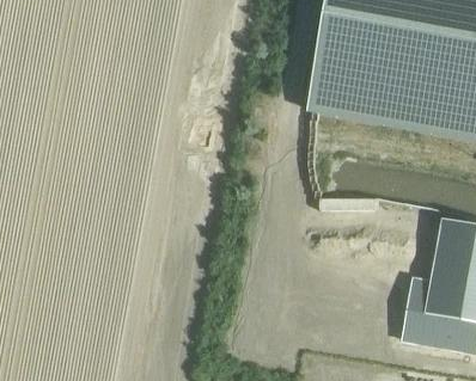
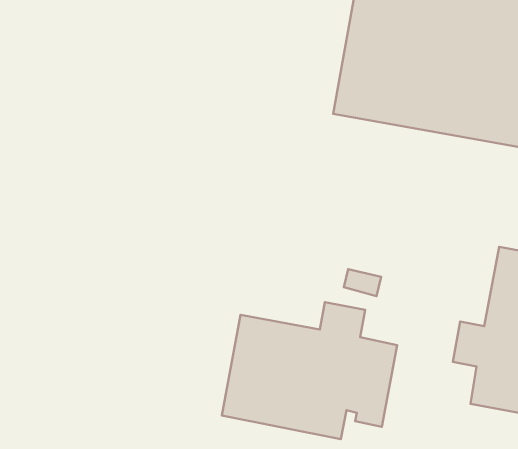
building: none -> [222,302,397,439]

